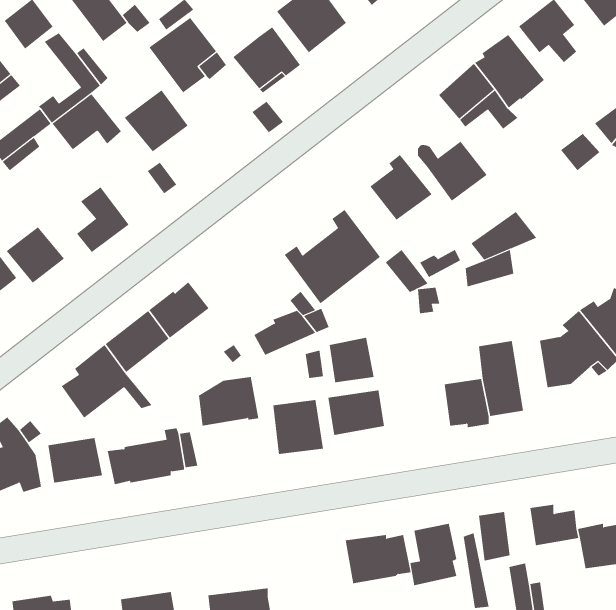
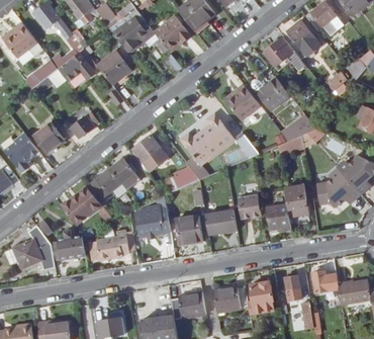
building: none -> [132,135,169,171]
building: [329,337,374,383] -> [238,193,262,218]
building: none -> [171,291,206,320]

